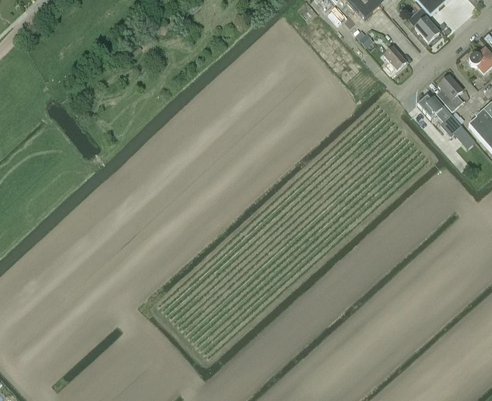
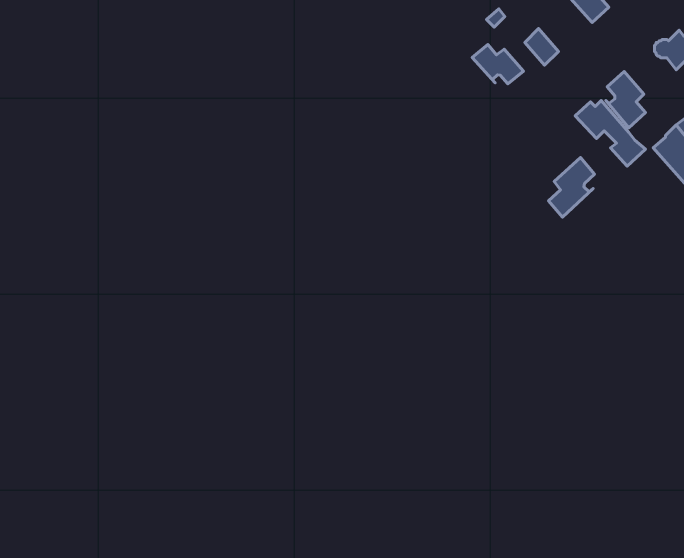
building: none -> [472,45,523,84]
building: none -> [548,158,595,217]

